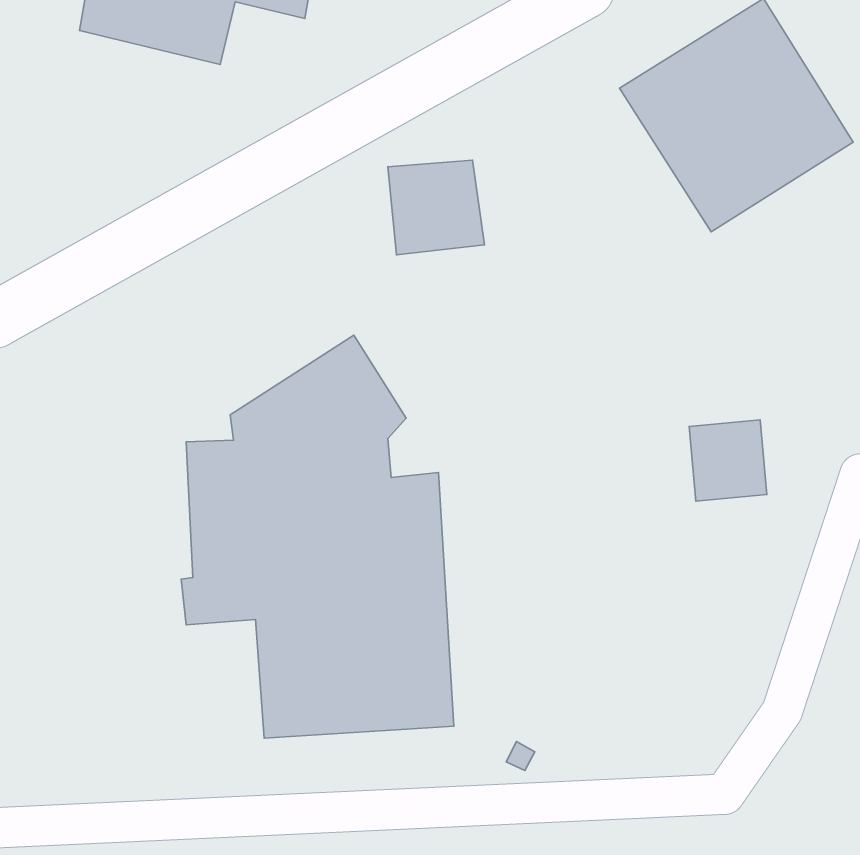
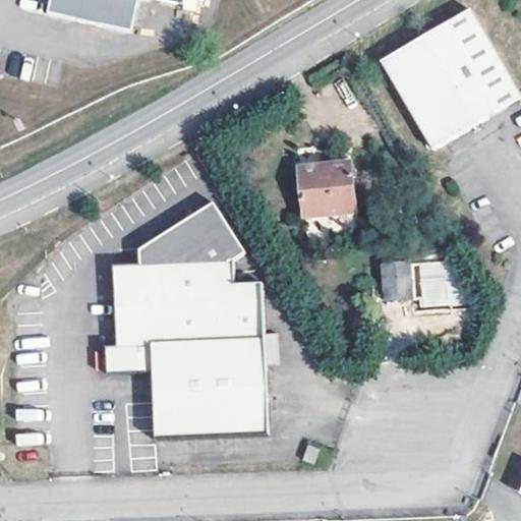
building: [388,160,484,255] -> [298,155,356,212]
building: none -> [383,258,409,294]

